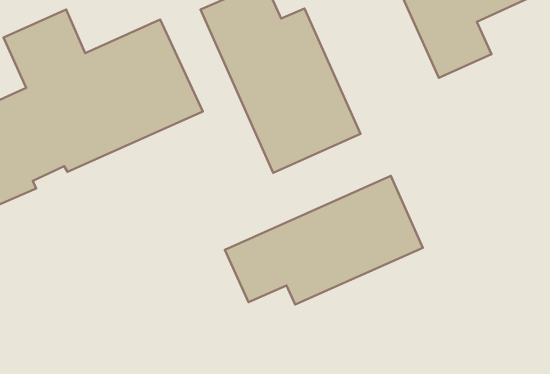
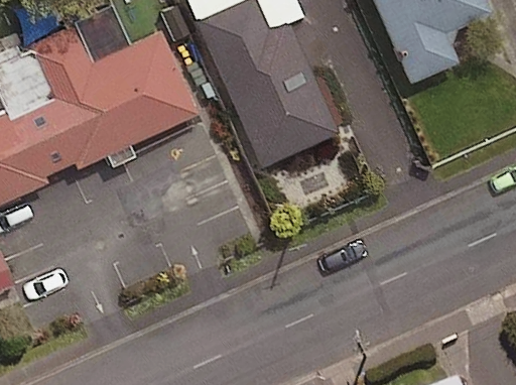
building: [225,176,423,305] -> none

